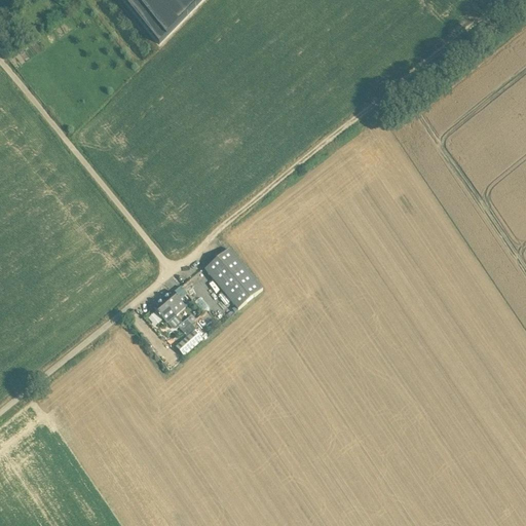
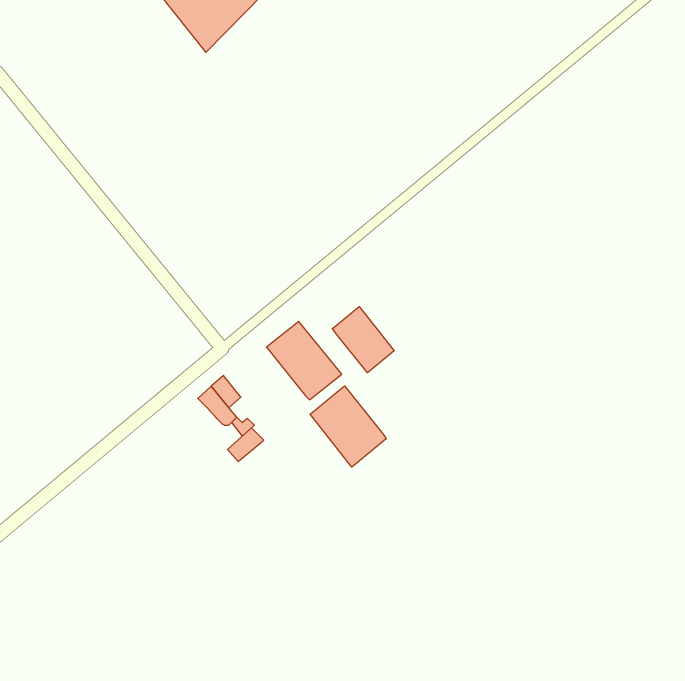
building: none -> [332,307,394,373]
building: none -> [310,386,386,467]

